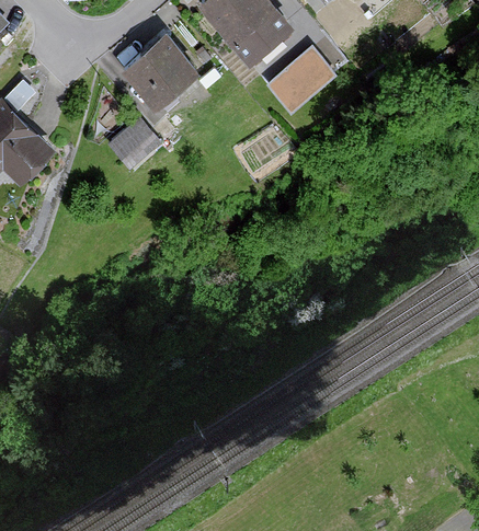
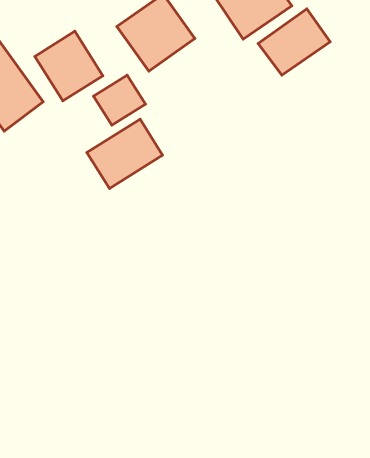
building: none -> [35,31,103,101]
building: none -> [87,119,163,188]

